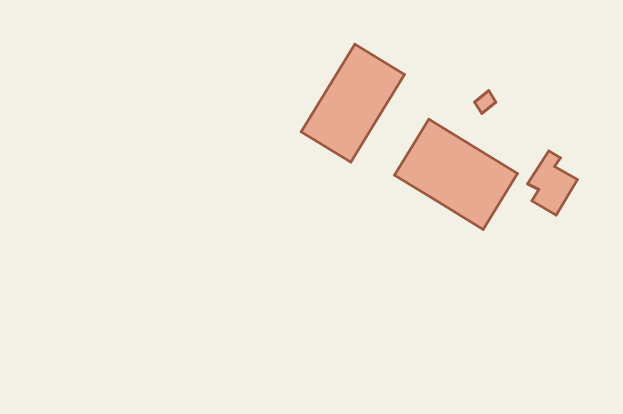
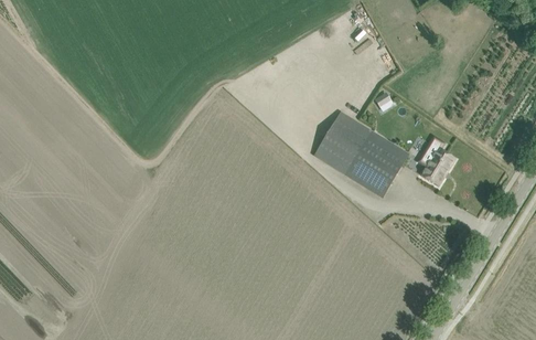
building: [301,44,405,162] -> none

